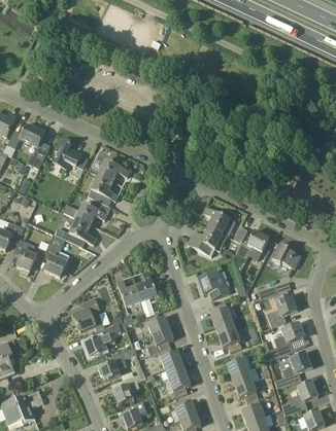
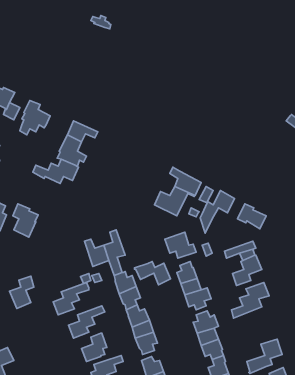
building: [55,216,96,248] -> none
building: [73,298,98,331] -> [10,276,34,309]
building: none -> [135,261,170,285]
building: [274,353,311,388] -> none

